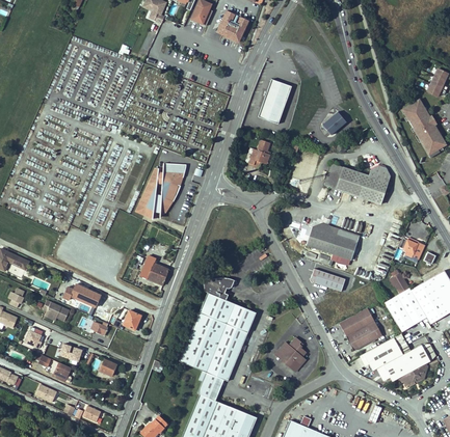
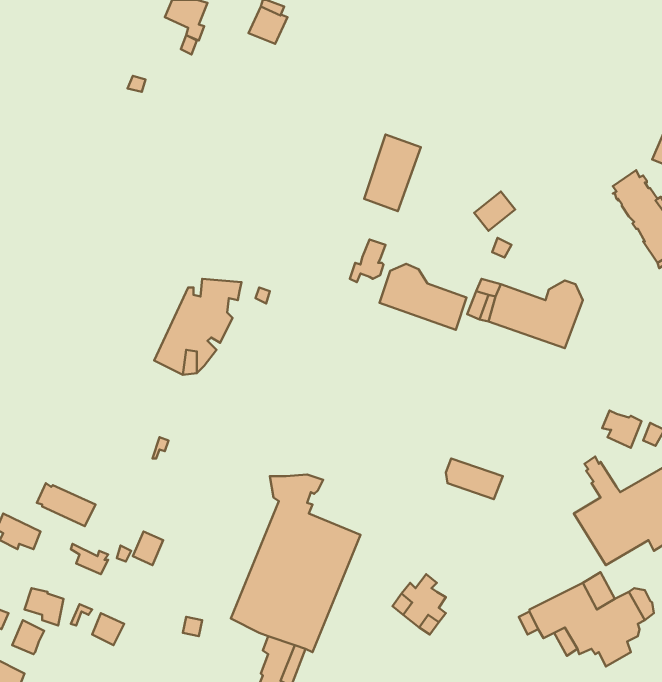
building: [217,10,249,43] -> none
building: [301,221,352,260] -> [380,264,467,330]
building: [145,255,170,284] -> none
building: [335,307,377,350] -> none

